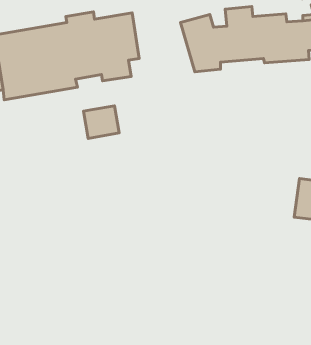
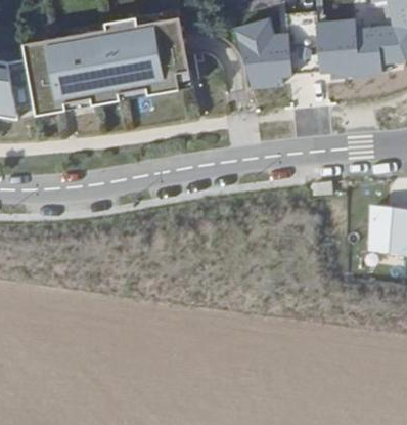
building: [84,106,119,139] -> none

